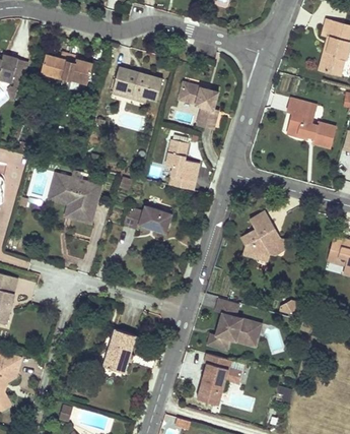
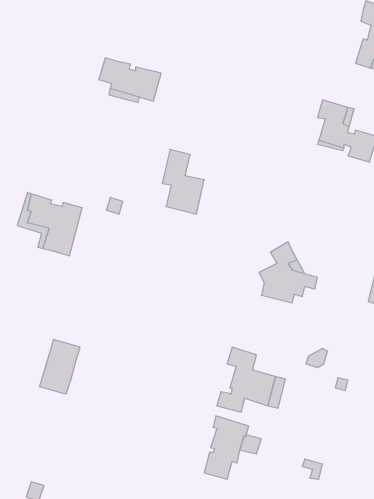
building: [41,53,91,87] -> none
building: [179,79,218,125] -> none
building: [123,205,173,234] -> none
building: [103,328,136,372] -> [39,340,80,394]

